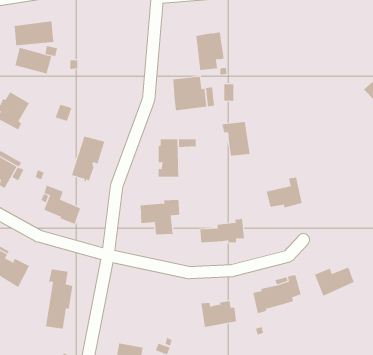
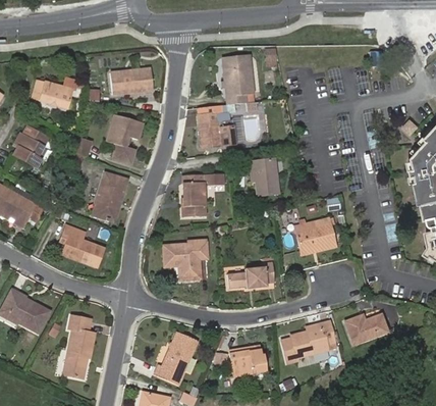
building: [14,21,54,46] -> [110,67,153,94]
building: none -> [105,114,142,163]
building: none -> [155,332,197,383]

